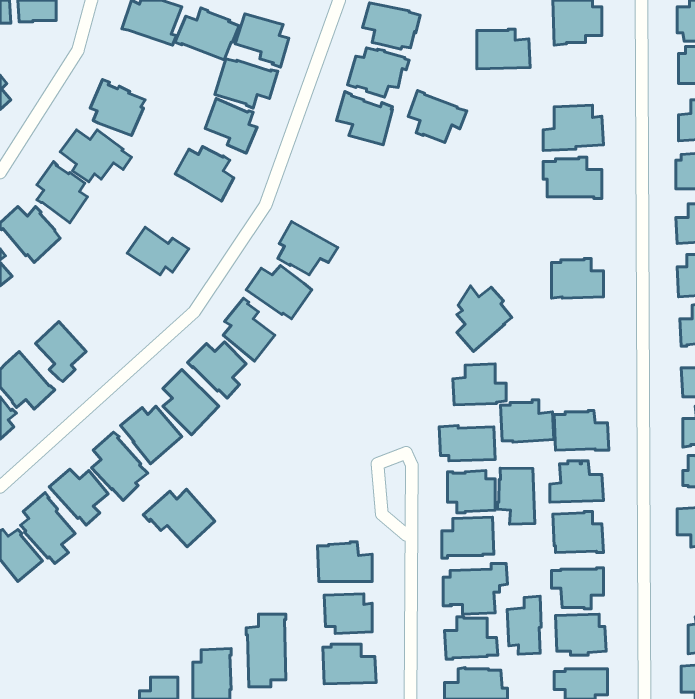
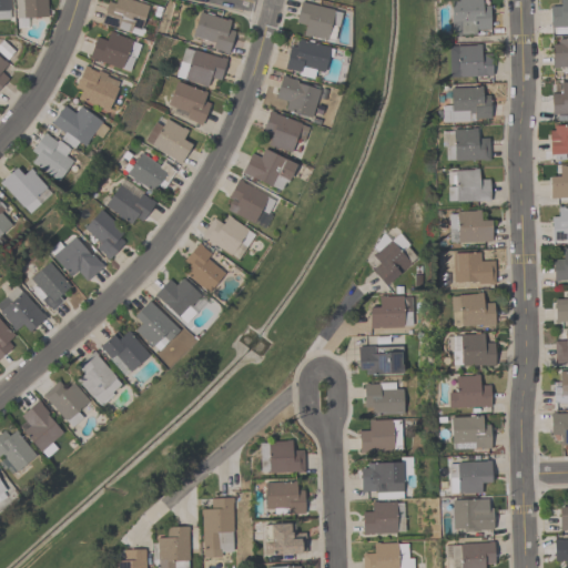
building: [175,8,239,60] -> [90,30,142,72]
building: [477,29,530,69] -> [452,44,495,77]
building: [408,90,467,142] -> [263,110,311,152]
building: none -> [243,149,298,190]
building: none -> [125,152,176,192]
building: none -> [449,169,491,202]
building: none -> [85,210,128,258]
building: none -> [50,236,105,281]
building: none -> [454,252,496,284]
building: [501,400,554,442] -> [453,292,496,326]
building: [497,468,535,524] -> none
building: [143,489,215,547] -> none
building: [507,596,541,654] -> none

